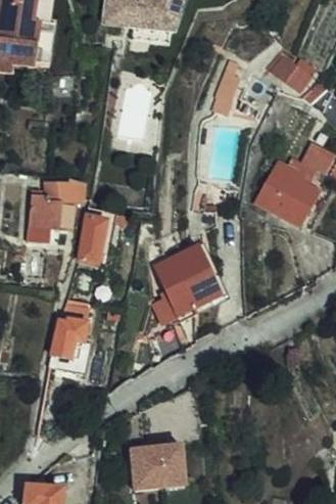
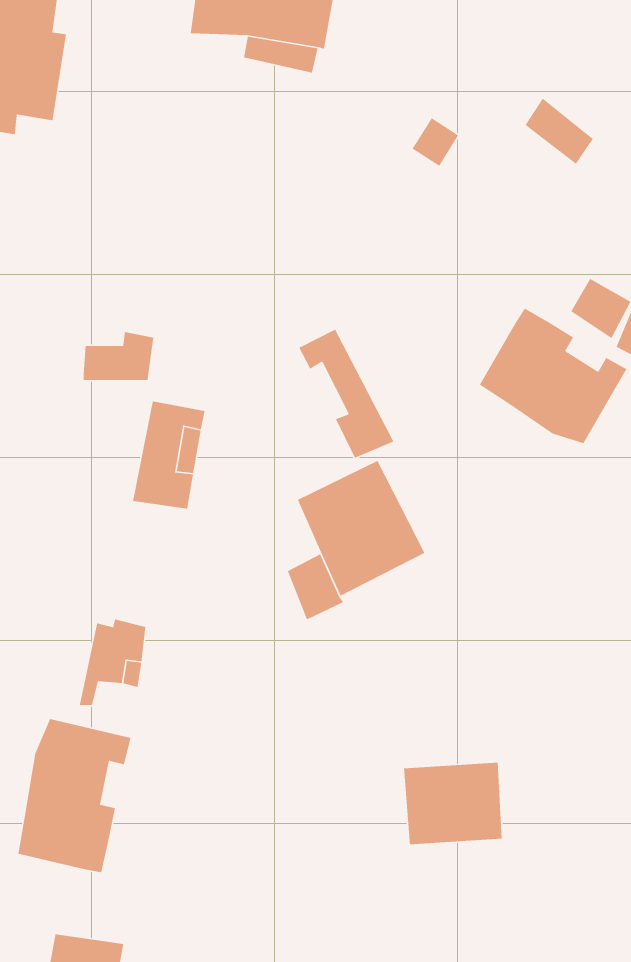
building: none -> [298,328,394,459]
building: [32,195,62,230] -> none
building: none -> [18,718,131,873]
building: [134,443,185,486] -> [403,762,502,845]

